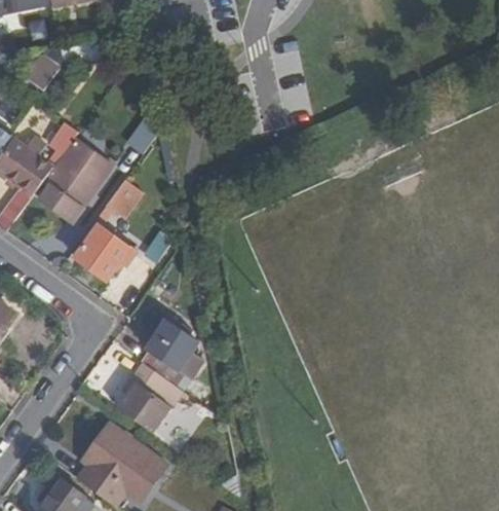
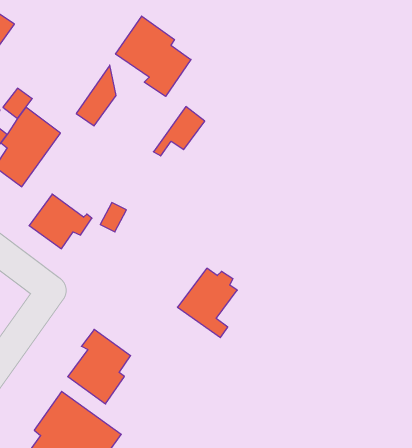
building: none -> [116,16,191,96]
building: [94,177,145,225] -> [153,107,205,156]
building: [141,319,199,387] -> [177,268,237,338]

